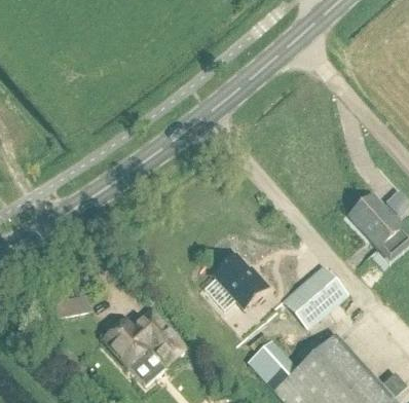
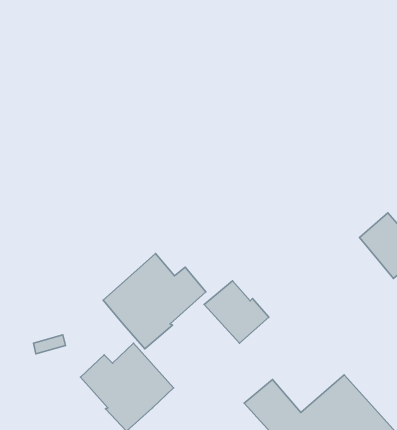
building: none -> [103,253,206,349]
building: [283,266,345,328] -> none

